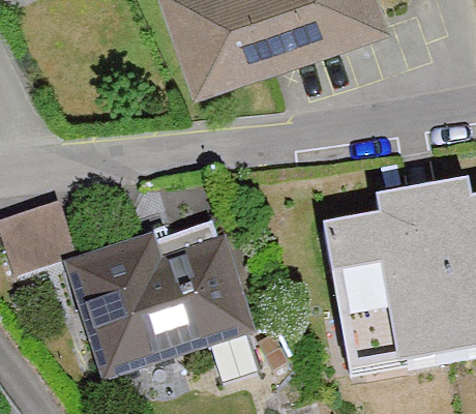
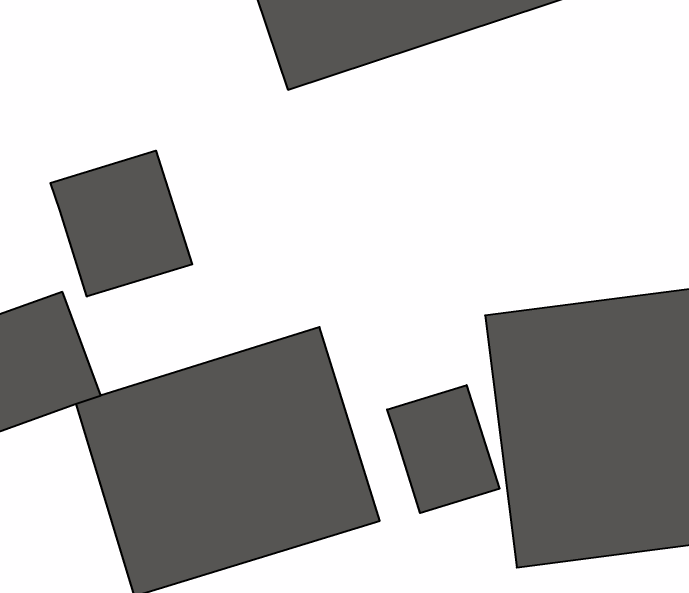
building: none -> [50,151,192,297]
building: none -> [387,385,500,513]

